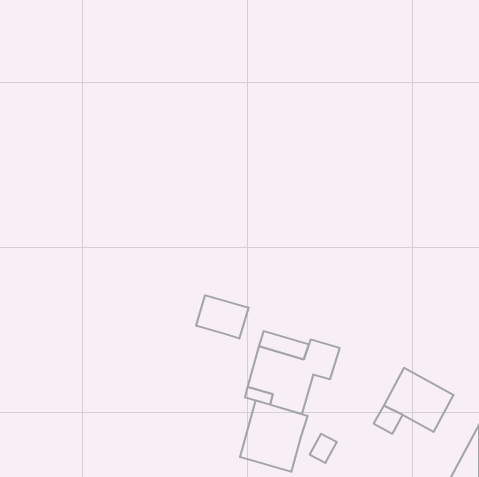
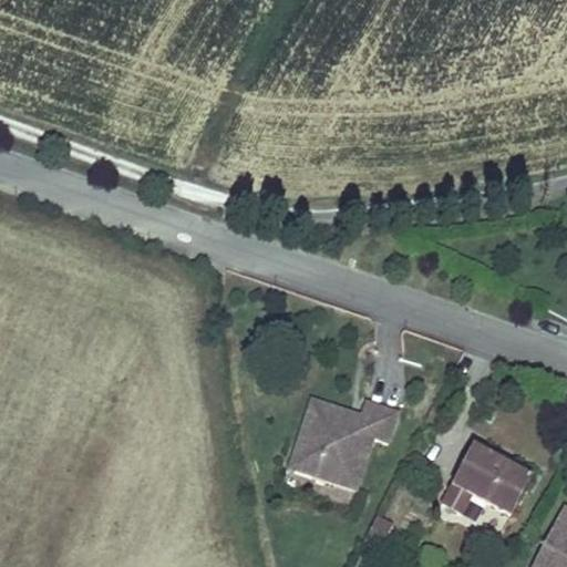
building: [196,295,249,339] -> none
building: [240,400,308,472] -> none

